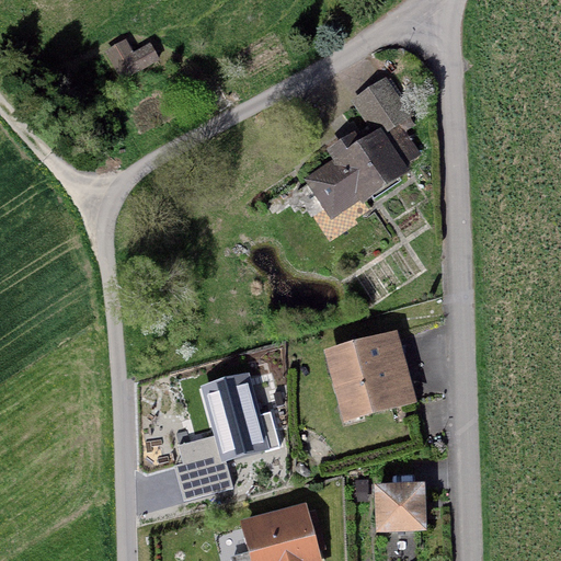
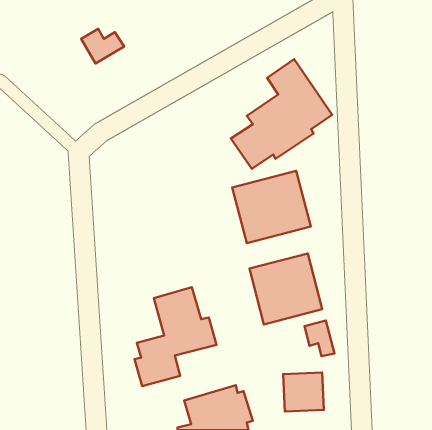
building: none -> [232,171,311,243]
building: none -> [304,320,334,356]

